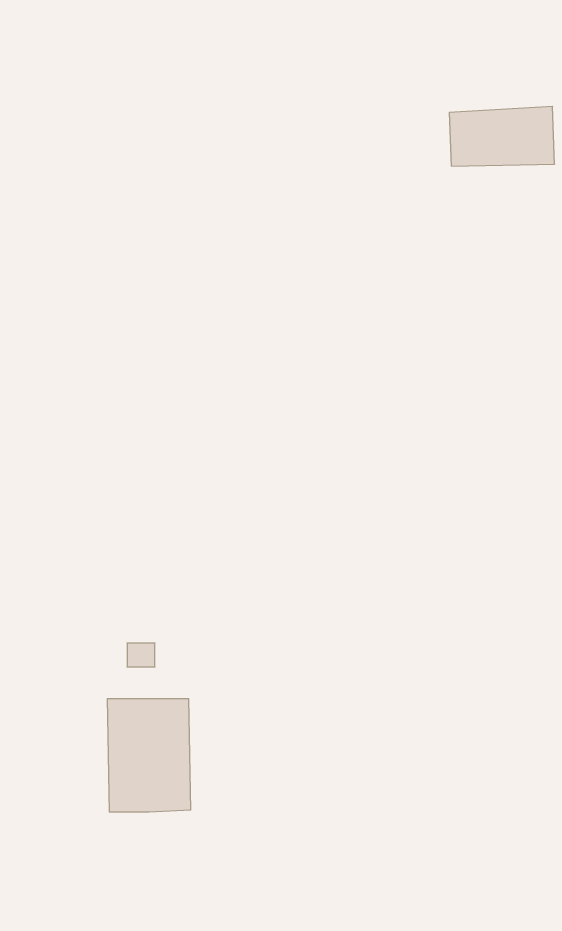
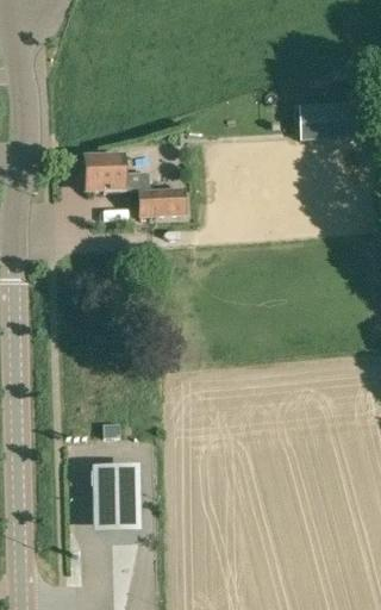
building: none -> [85,156,185,217]

